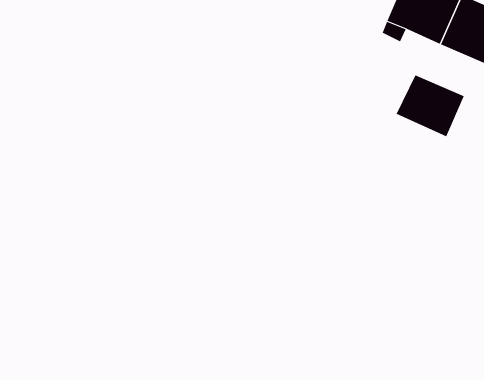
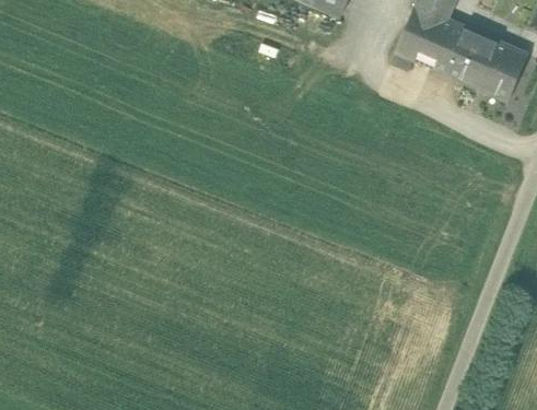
building: [396,74,465,137] -> none

